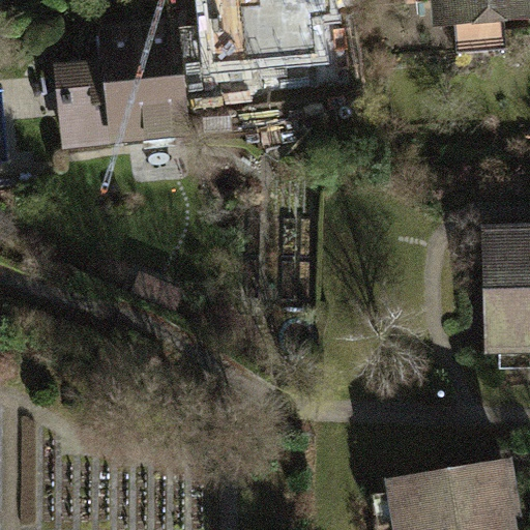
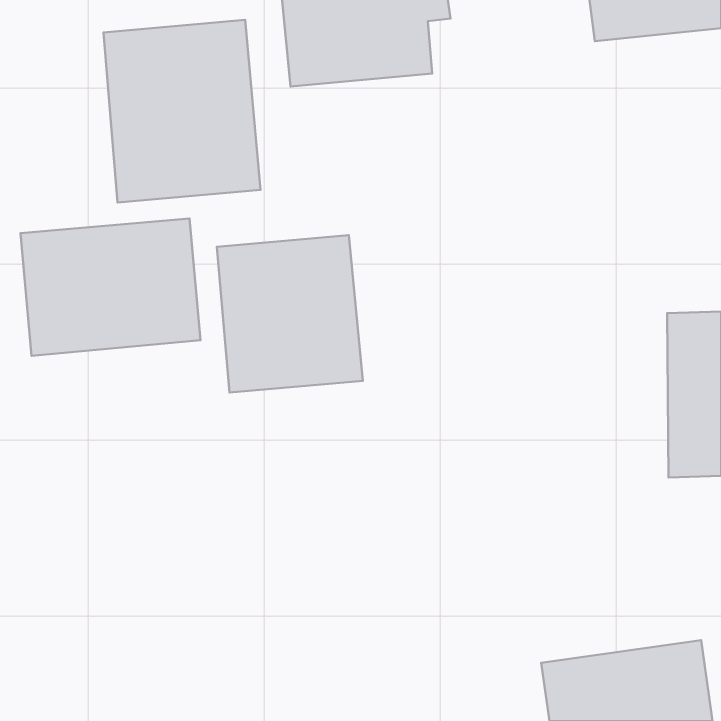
building: none -> [21,218,200,356]
building: none -> [217,235,363,393]

